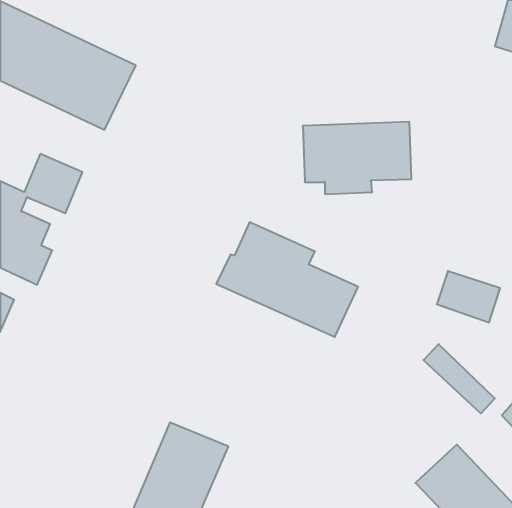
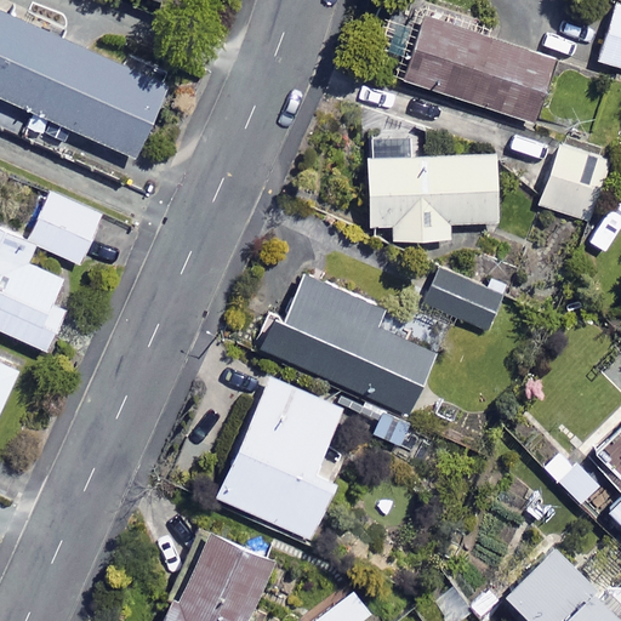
building: none -> [404,16,554,125]
building: none -> [540,146,611,226]
building: [437,271,500,322] -> [426,273,502,335]
building: none -> [216,377,343,540]

